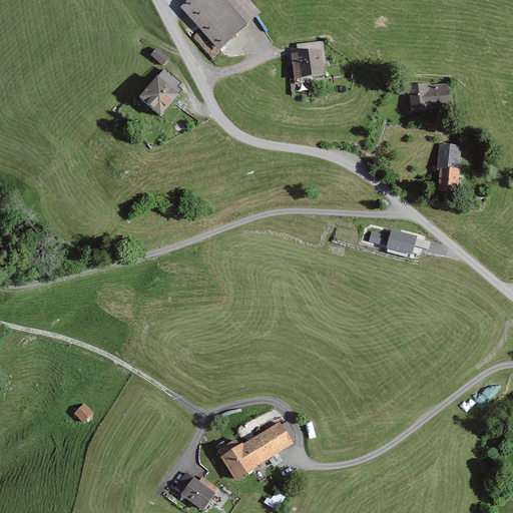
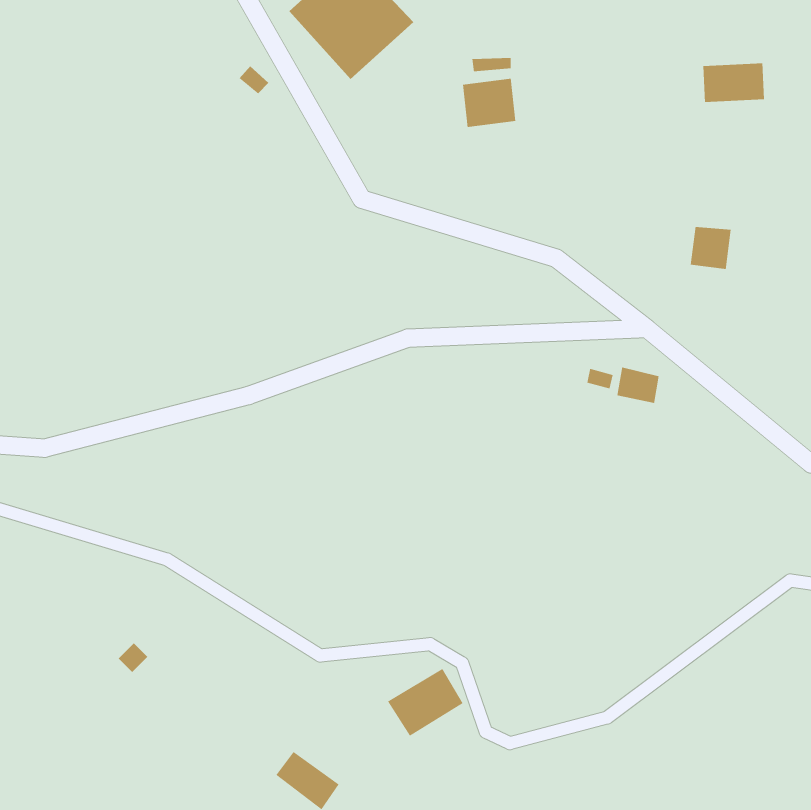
building: [138,77,177,116] -> none
building: [408,84,447,109] -> [703,63,765,103]
building: [436,167,457,192] -> none
building: [216,435,258,477] -> none

